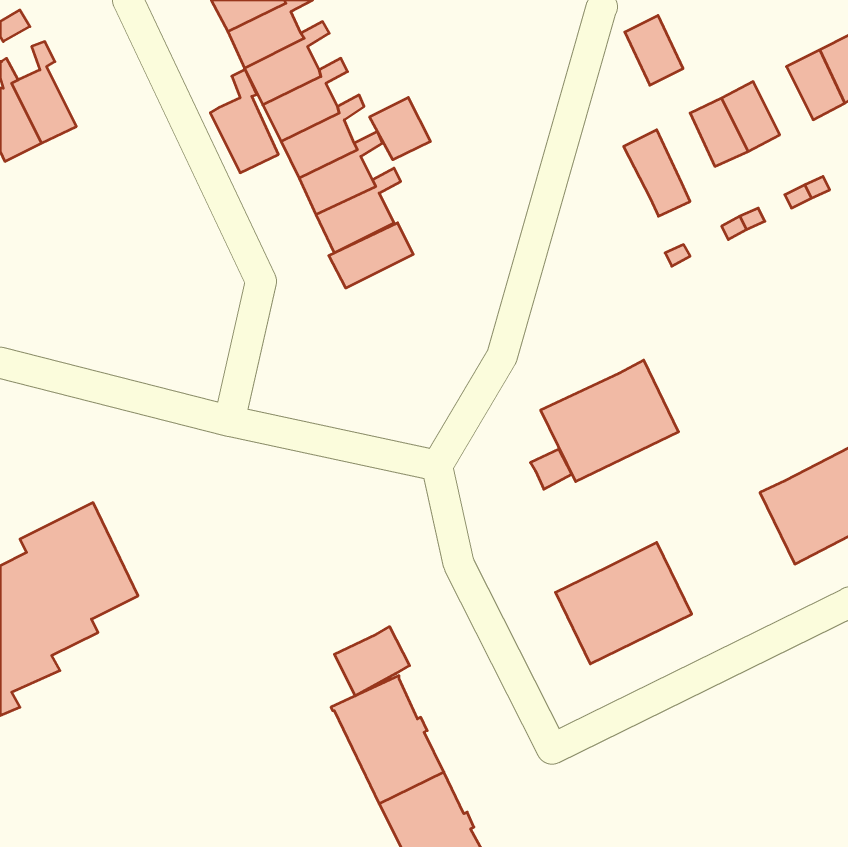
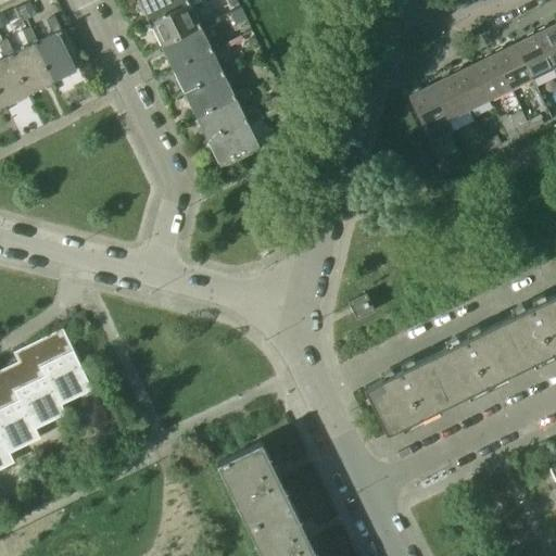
building: [625,15,683,85] -> [430,76,468,122]
building: none -> [493,46,532,90]
building: [210,70,278,173] -> [31,17,76,85]
building: [370,97,430,160] -> none
building: [329,223,413,288] -> none
building: [541,360,679,482] -> [430,324,520,403]
building: [334,627,410,696] -> none

